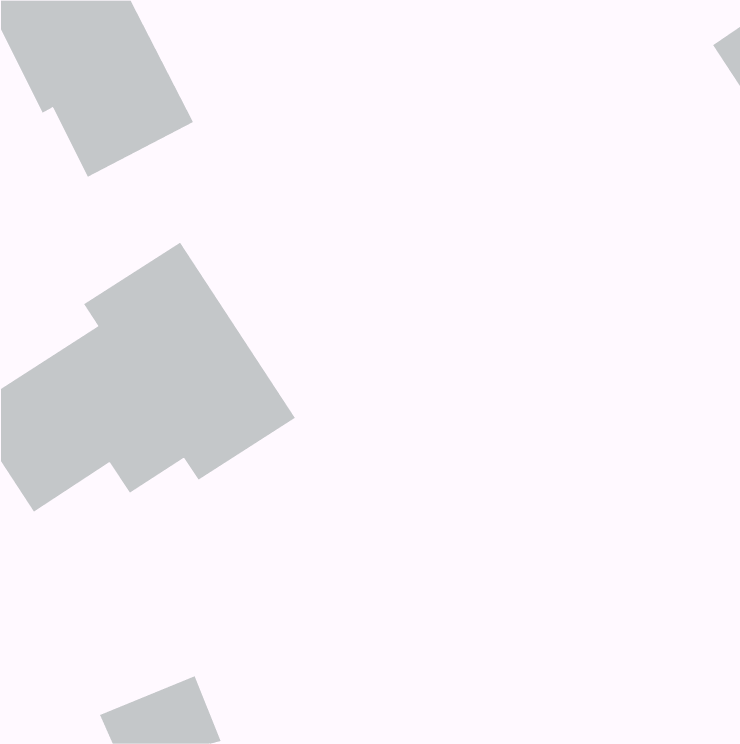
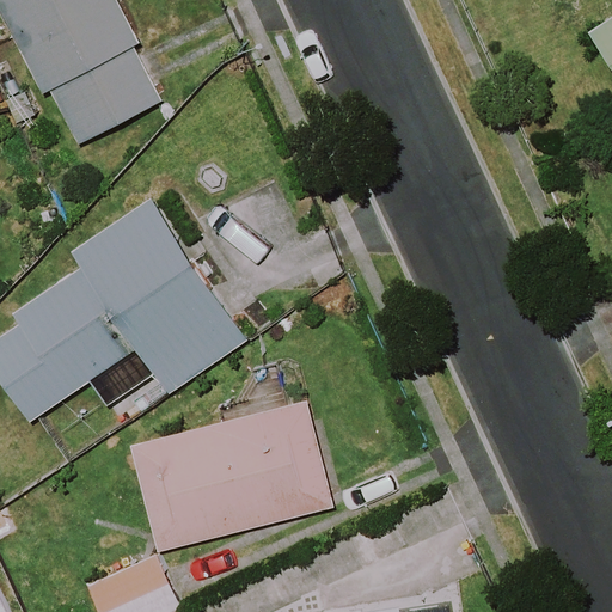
building: none -> [128,399,333,551]

